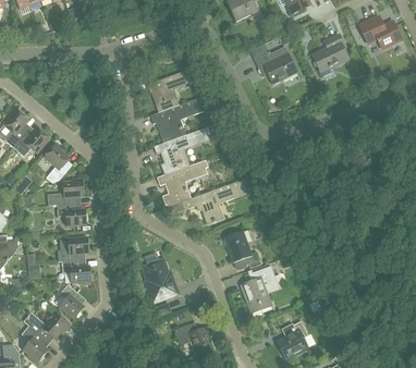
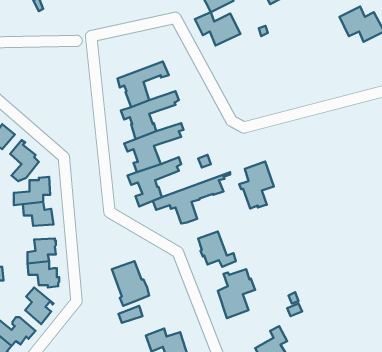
building: [311,34,348,71] -> none
building: [253,51,296,83] -> [195,12,240,45]
building: none -> [239,161,274,208]

